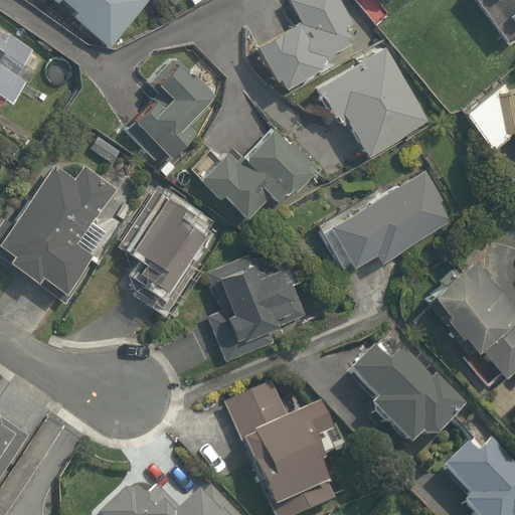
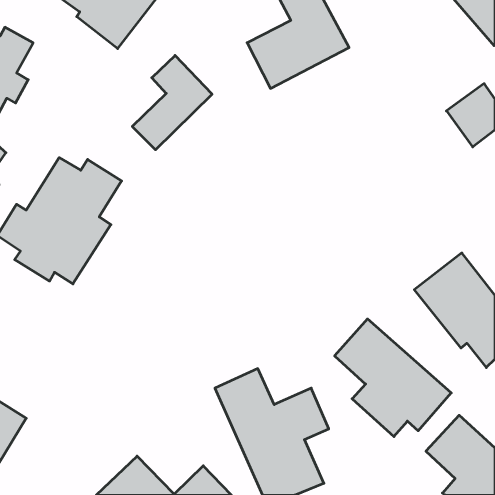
building: [314,46,430,158] -> none
building: [206,132,325,223] -> none
building: [314,172,451,275] -> none
building: [125,186,224,312] -> none
building: [202,250,294,355] -> none

